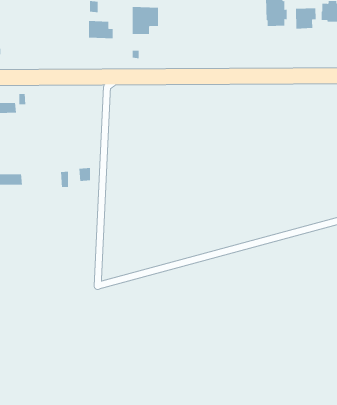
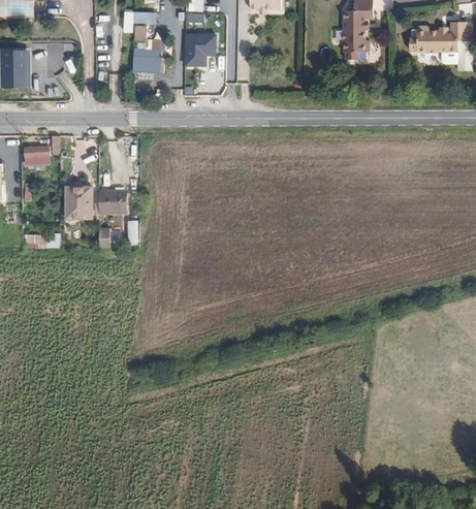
building: [295,7,316,30] -> none
building: none -> [65,184,93,220]
building: none -> [99,189,126,219]

